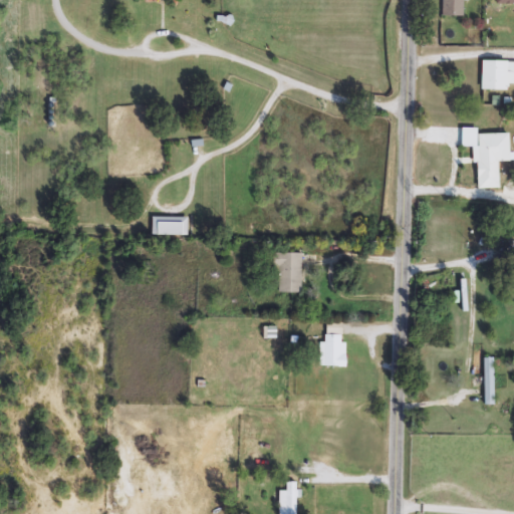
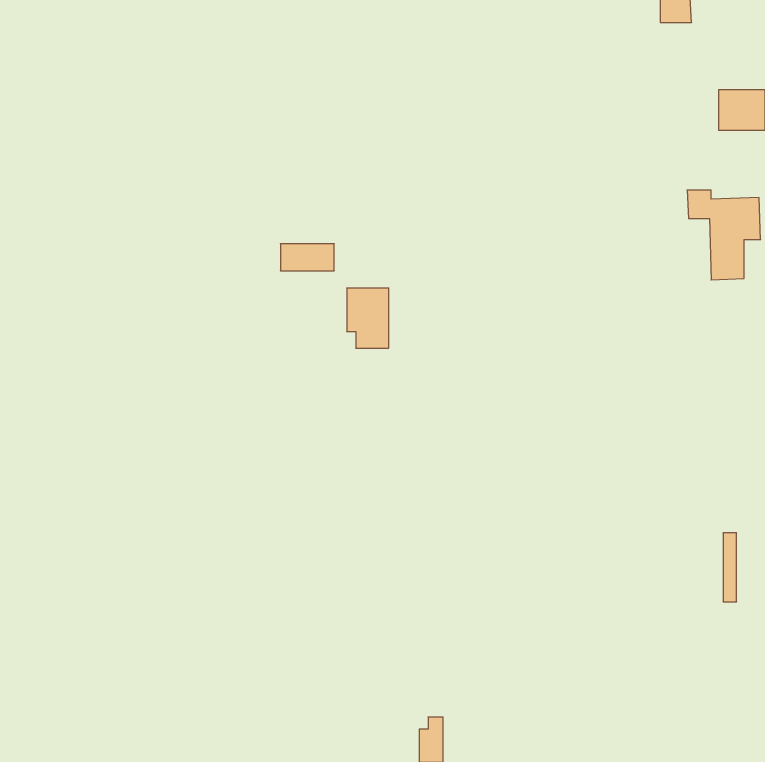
building: [152,216,188,234] -> [280,244,334,271]
building: [273,252,301,292] -> [347,288,389,348]
building: [322,334,344,365] -> none

